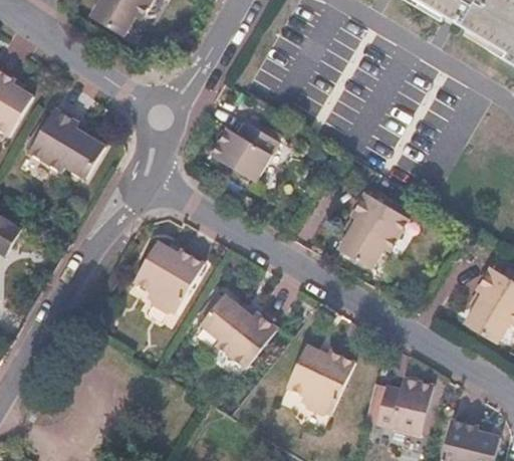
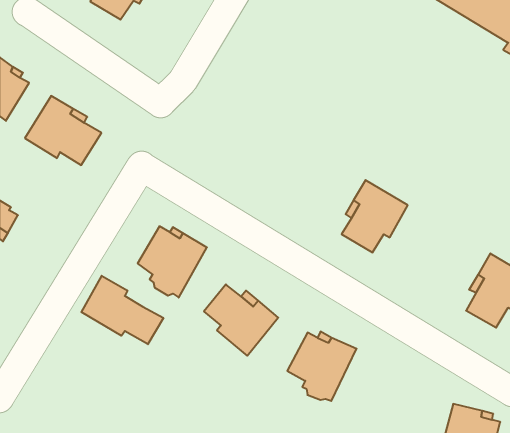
building: [212,122,281,183] -> none
building: none -> [81,276,163,344]
building: [376,378,435,435] -> none

